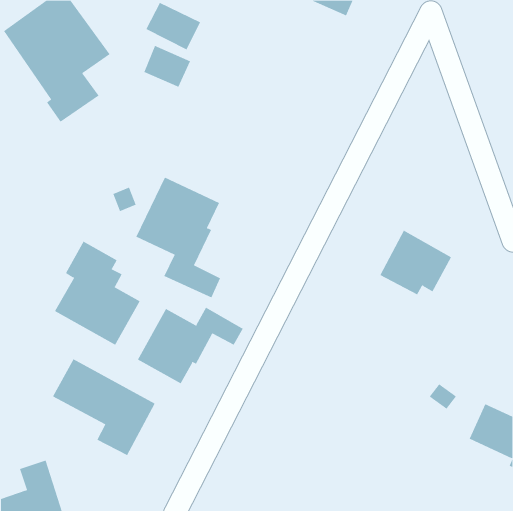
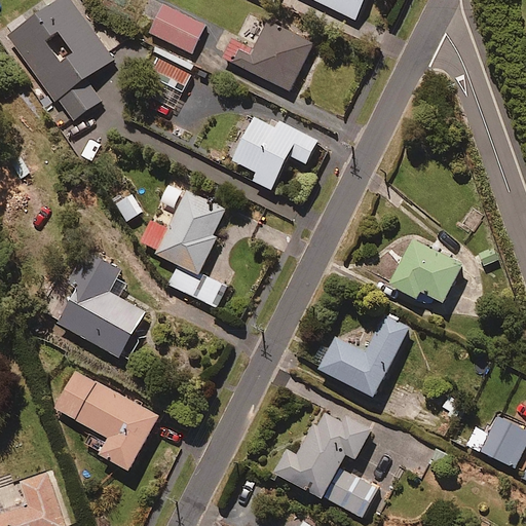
building: none -> [224,14,313,90]
building: none -> [231,115,316,188]
building: none -> [313,315,409,397]
building: [137,307,243,384] -> none
building: none -> [274,406,381,520]

